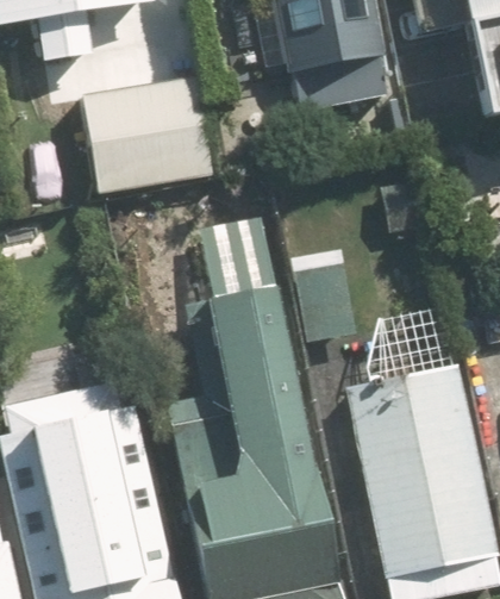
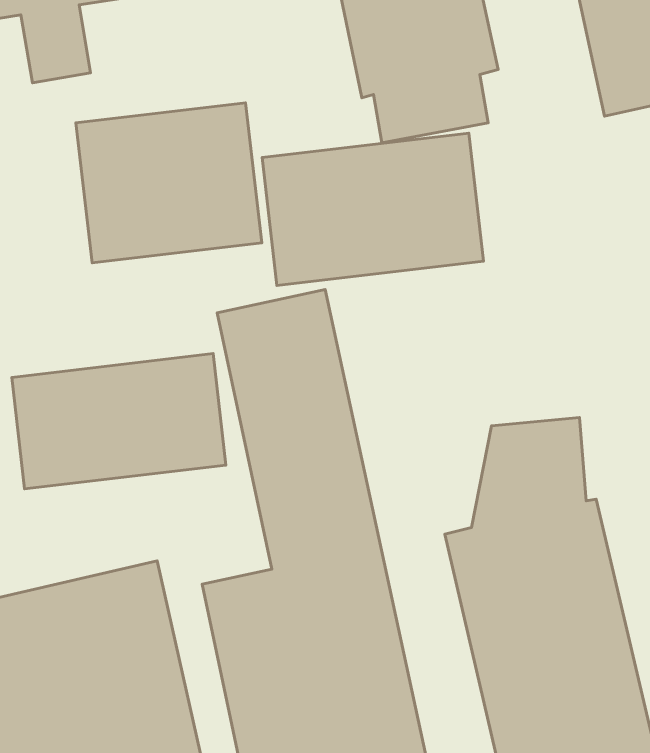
building: none -> [262,133,484,285]
building: none -> [12,354,226,489]

